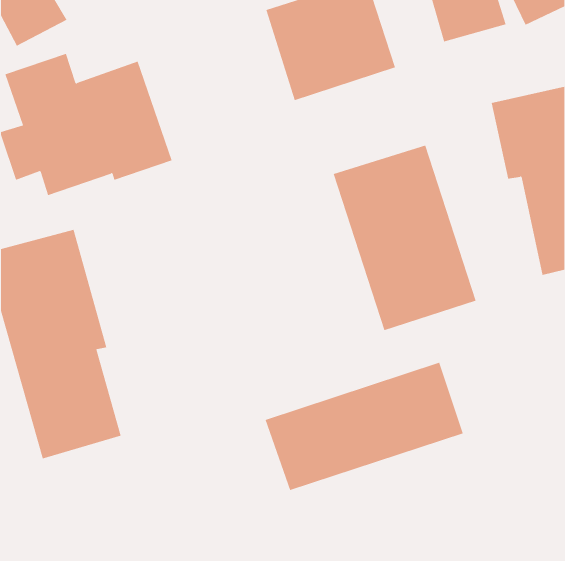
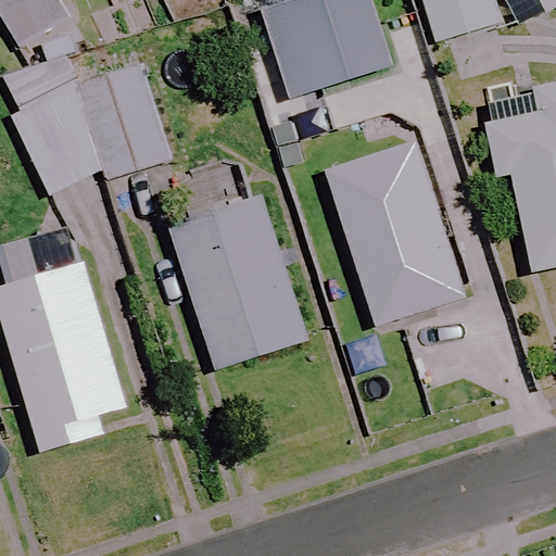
building: none -> [169,198,307,368]
building: [265,362,463,491] -> none

